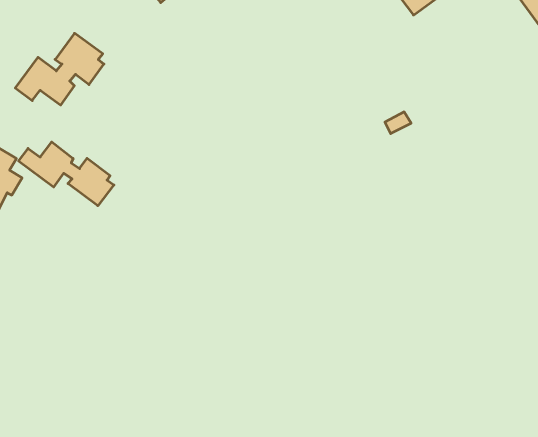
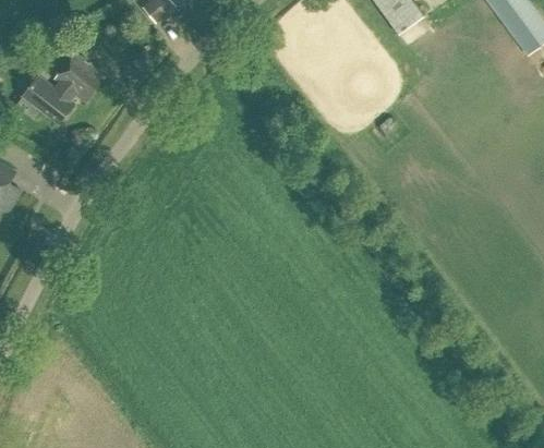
building: [19,142,114,206] -> none

